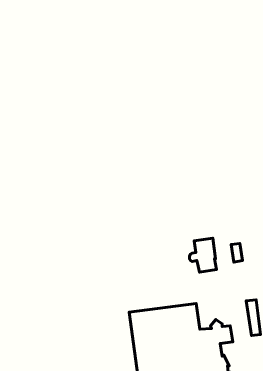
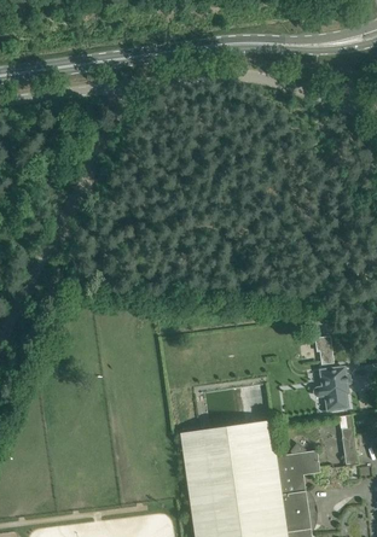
building: [190,238,216,272] -> [313,367,349,413]

